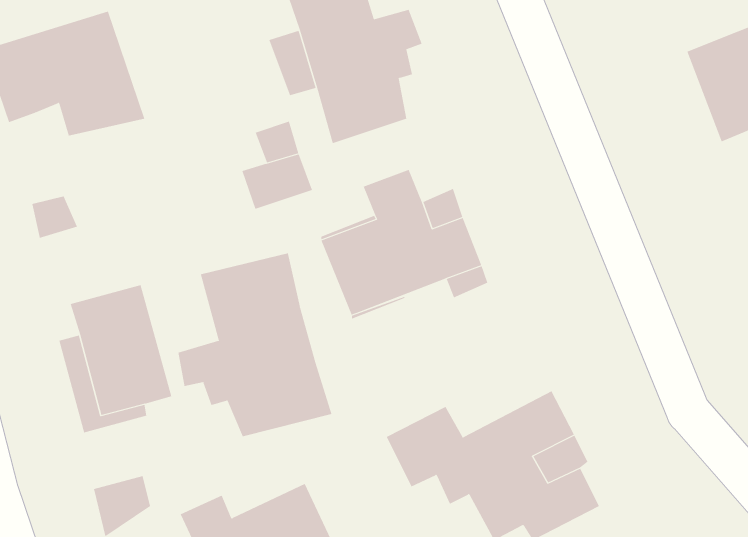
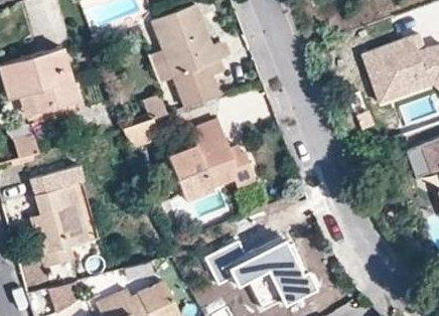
building: none -> [21,85,83,119]
building: [178,252,332,437] -> none

